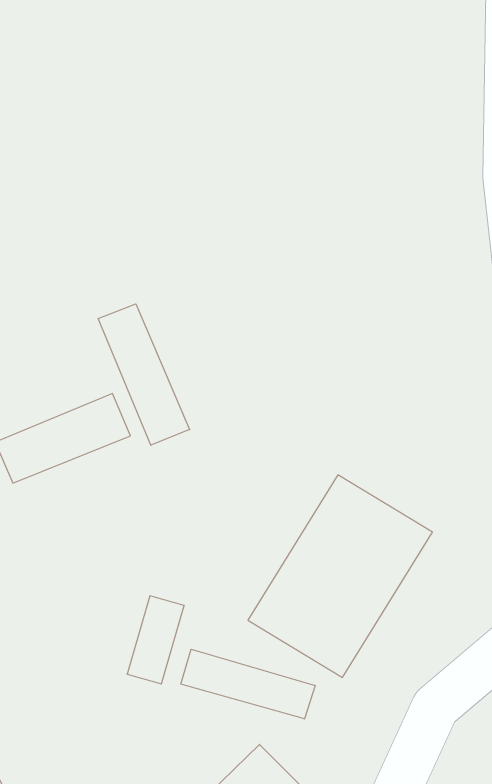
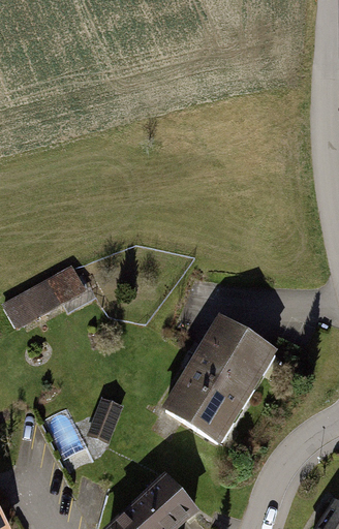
building: [98,304,190,445] -> none
building: [181,649,315,719] -> none

